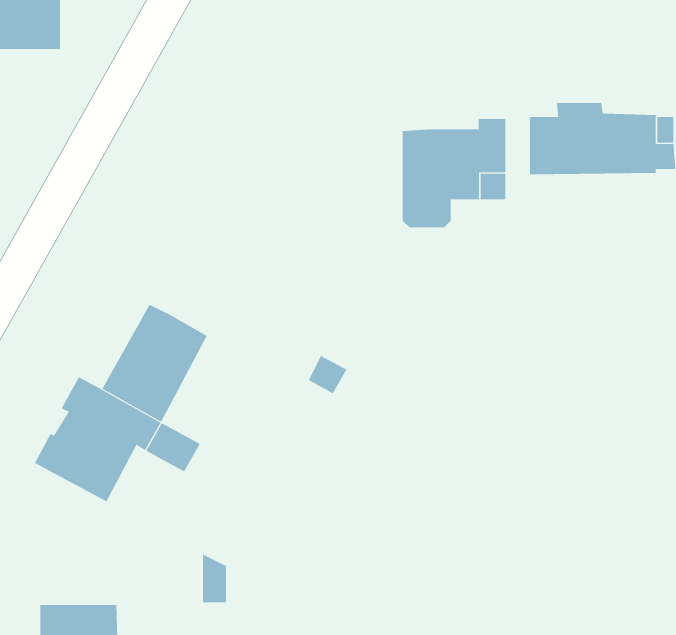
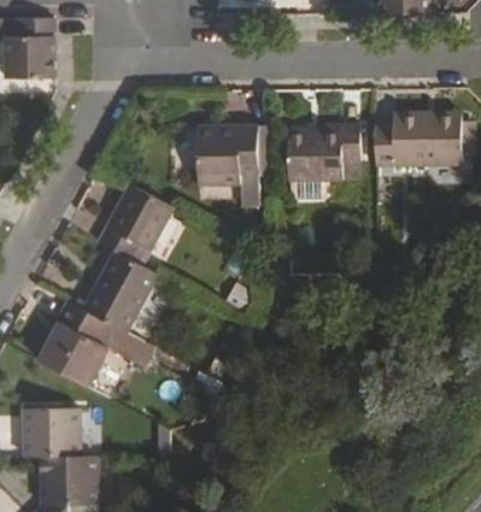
building: none -> [196,128,257,201]
building: none -> [99,183,174,259]
building: none -> [23,410,80,457]

